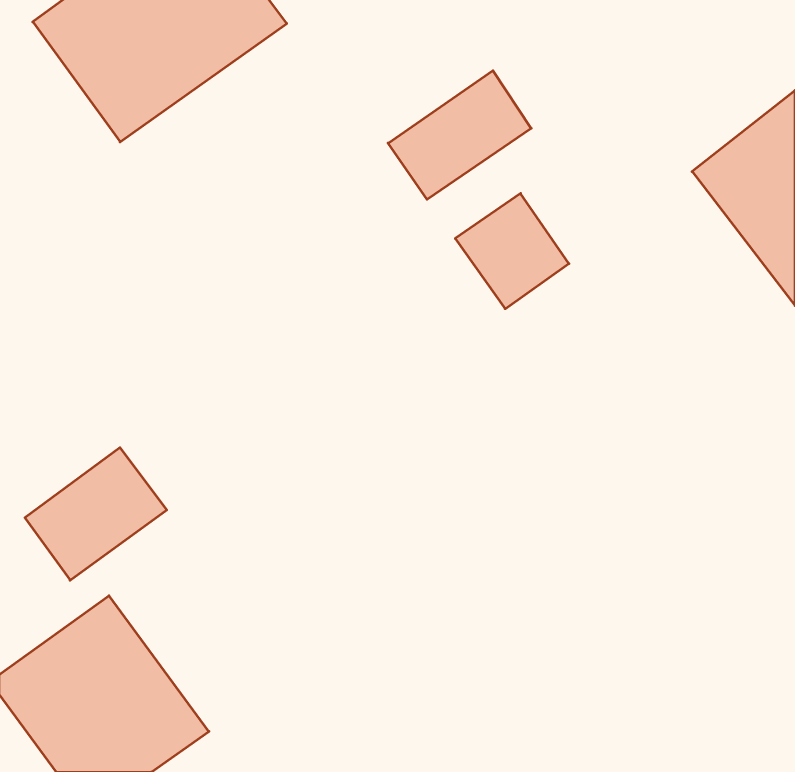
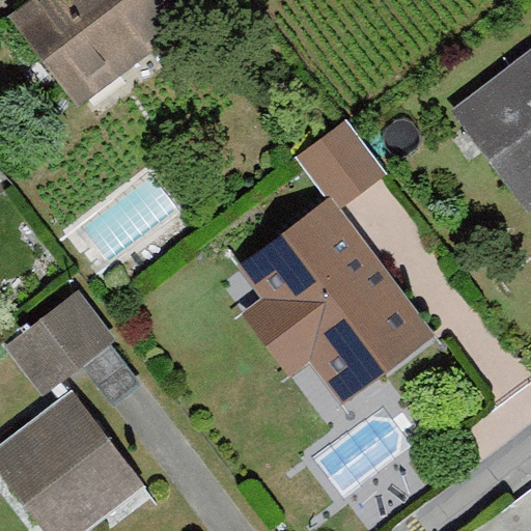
building: [388,71,531,199] -> none
building: none -> [245,203,427,391]

